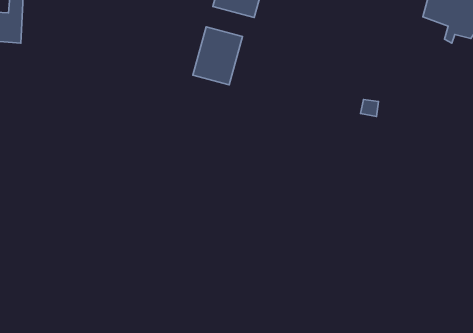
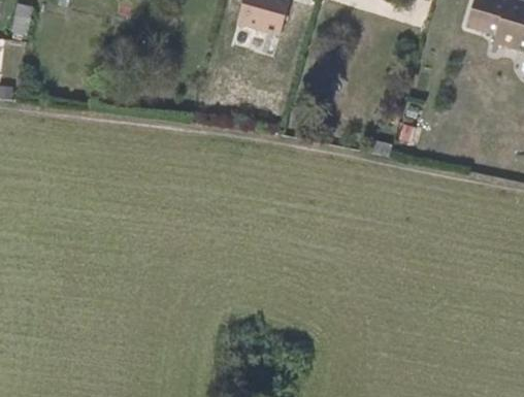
building: [193,27,243,85] -> none

